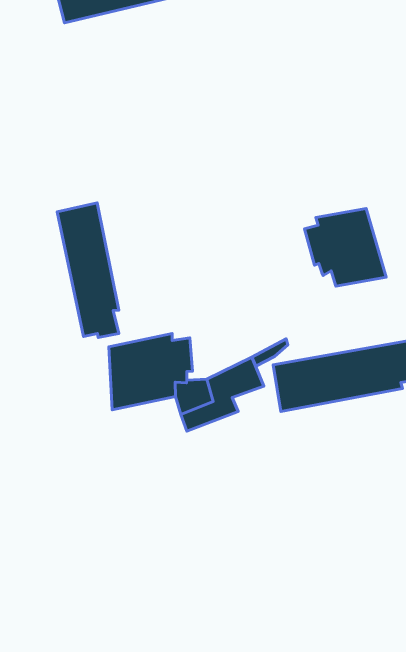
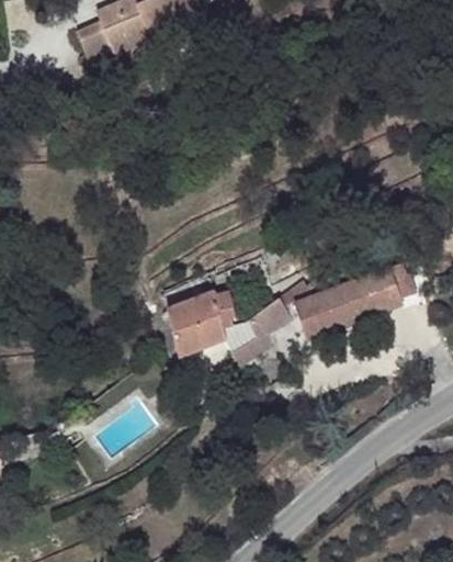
building: [57,203,119,337] -> none
building: [305,208,386,286] -> none

